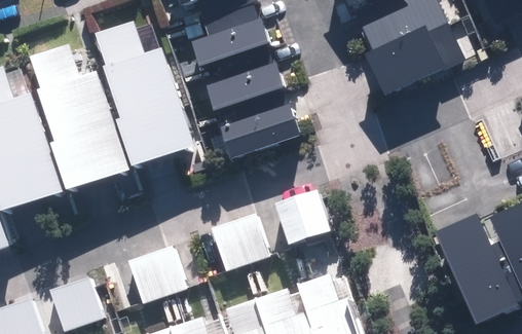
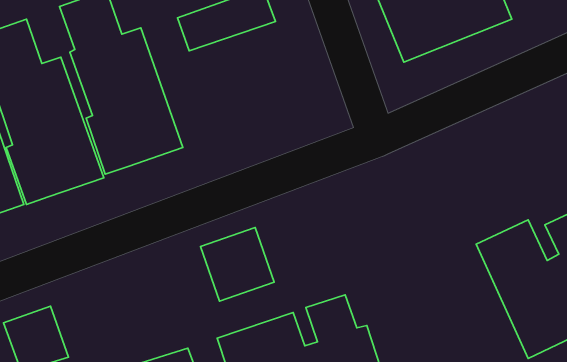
building: [207,65,286,115] -> none
building: [222,106,300,161] -> none
building: [276,191,332,248] -> none
building: [128,247,187,305] -> none

